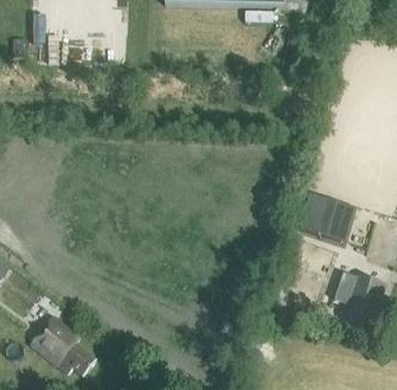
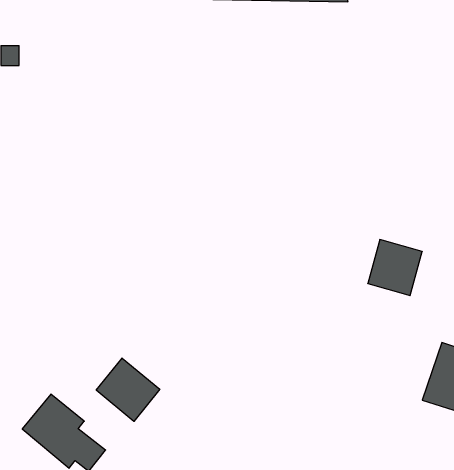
building: none -> [96,358,160,421]

